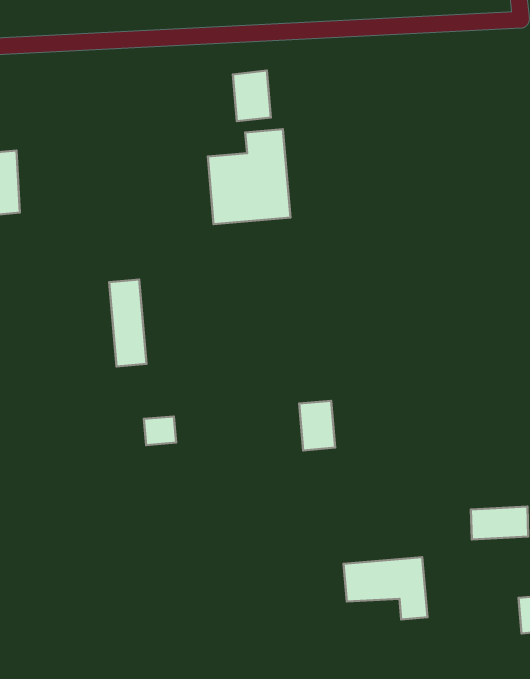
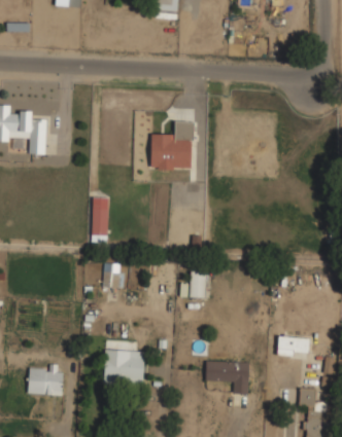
building: [233,71,271,121] -> none
building: none -> [105,351,145,377]
building: none -> [29,366,64,394]

